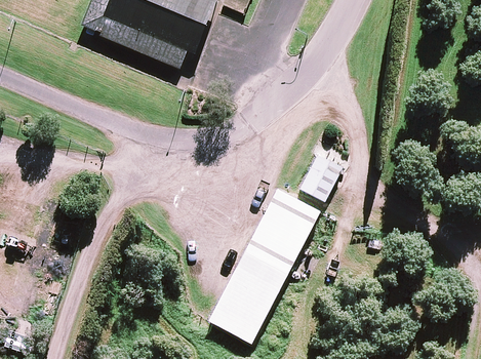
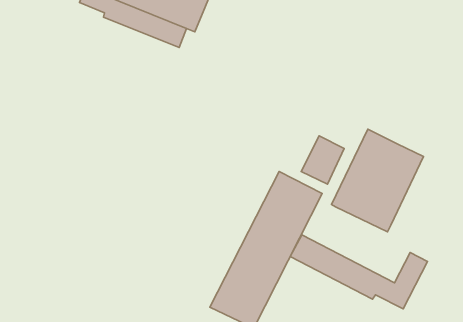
building: none -> [332,129,424,232]
building: none -> [290,235,427,309]

